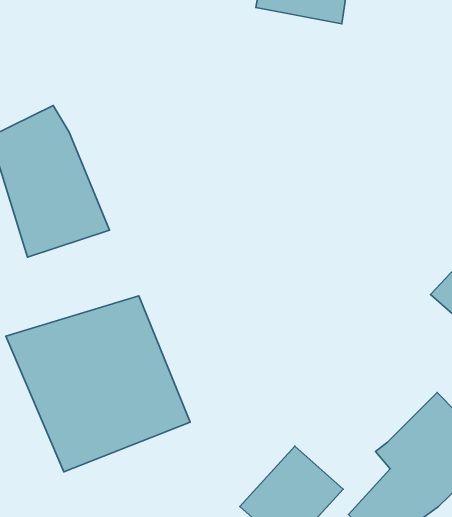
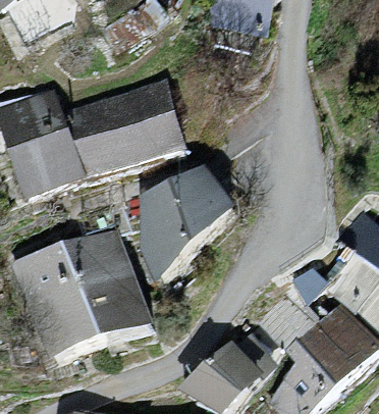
building: none -> [58,72,186,178]
building: none -> [136,168,234,287]

